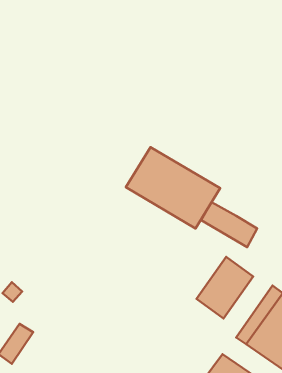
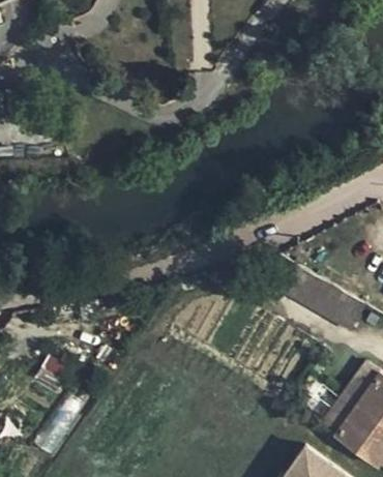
building: [126,147,220,228] -> none
building: [196,257,253,319] -> none

